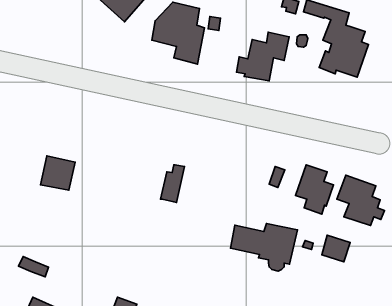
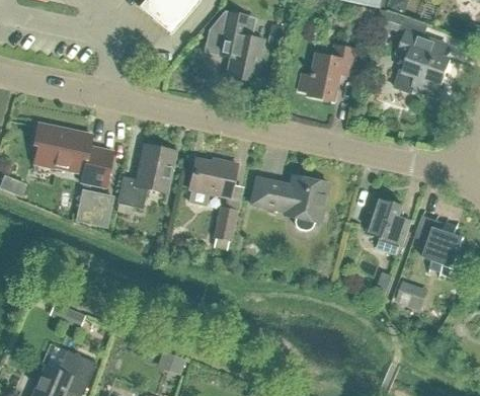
building: none -> [32,125,112,187]
building: none -> [116,144,175,213]
building: none -> [188,159,236,206]
building: [230,224,297,271] -> [251,176,328,231]

